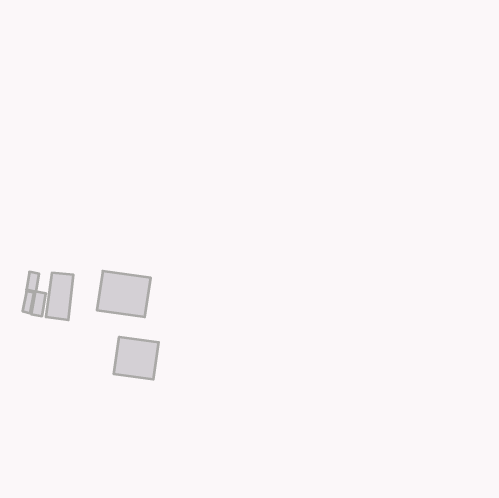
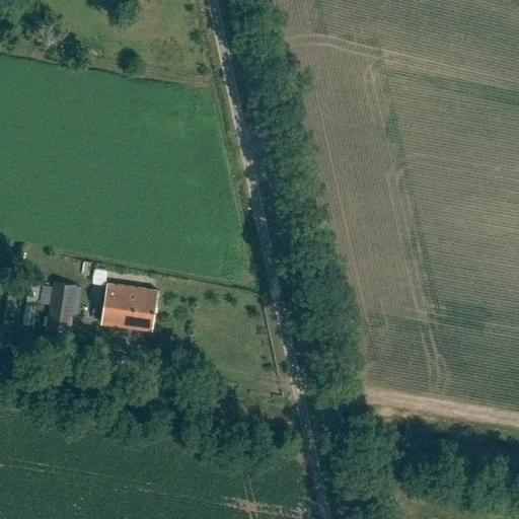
building: [114,337,159,379] -> none

